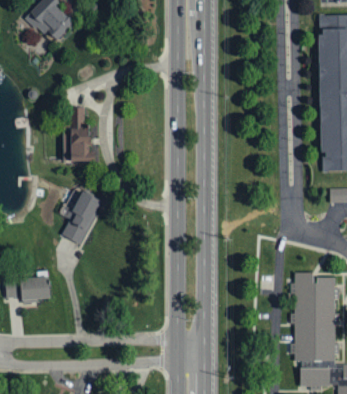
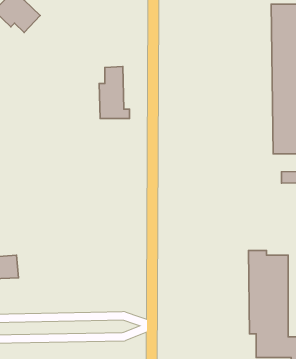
building: [63,108,95,163] -> [99,66,129,119]
building: [61,191,102,243] -> none

